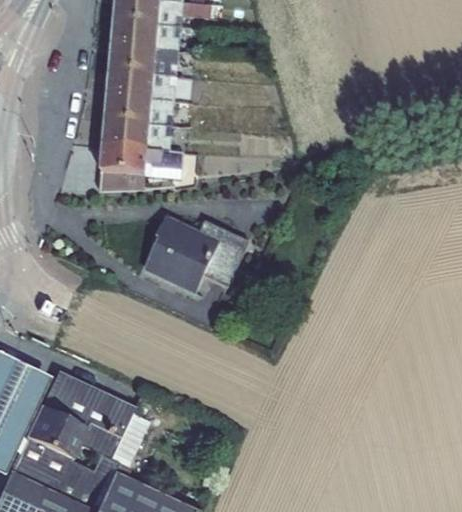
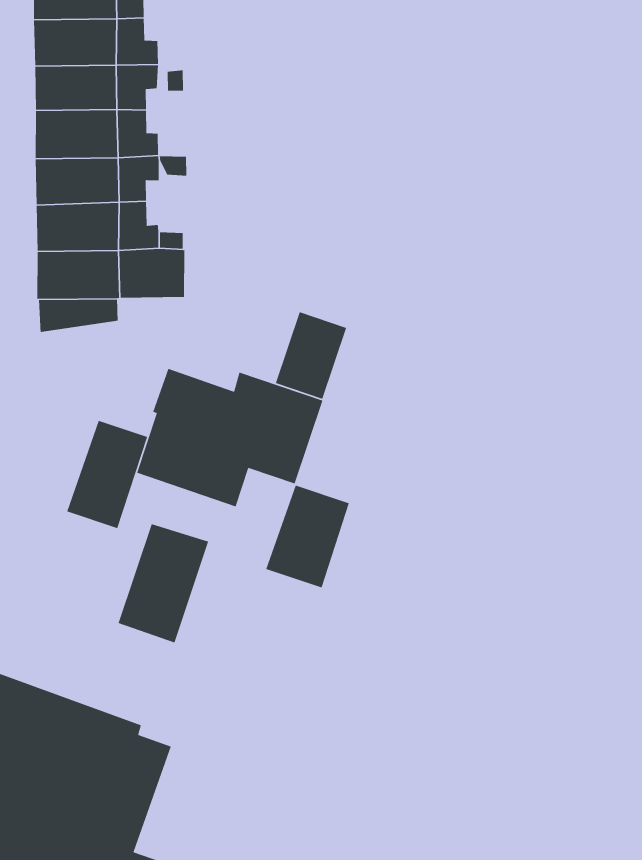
building: none -> [275,311,347,400]
building: none -> [66,420,148,529]
building: none -> [265,485,350,588]
building: none -> [118,523,209,643]

